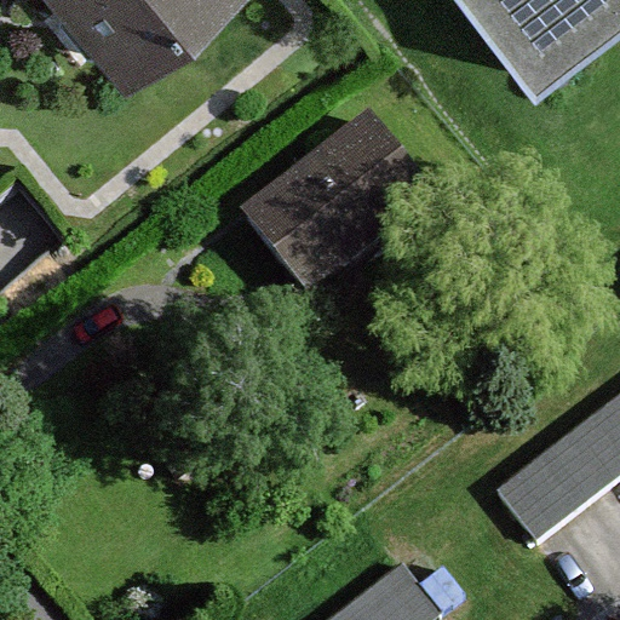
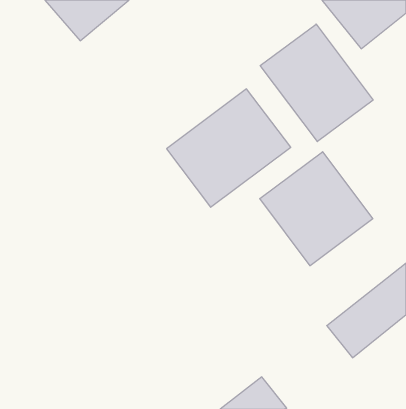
building: none -> [260,24,373,142]
building: none -> [260,152,373,266]

